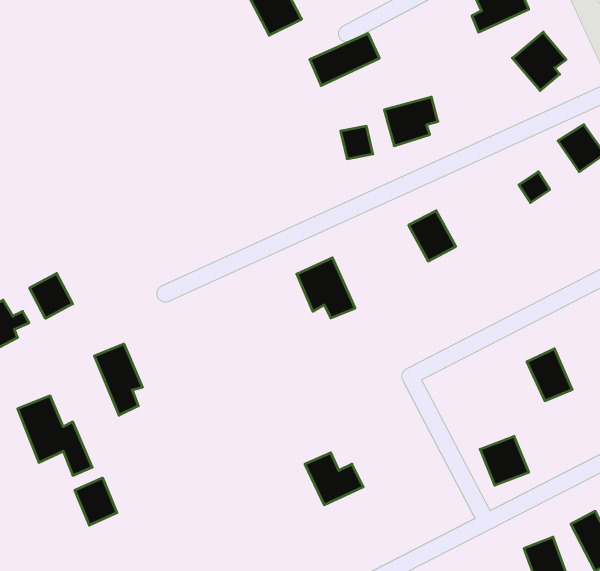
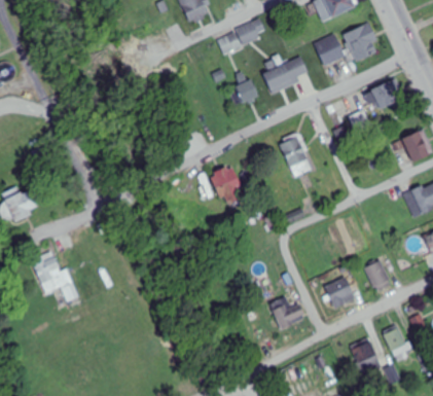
building: none -> [314,34,345,67]
building: [30,273,73,318] -> none
building: [94,344,142,415] -> none
building: [527,349,572,401] -> [363,259,392,292]
building: [305,453,363,505] -> [268,297,305,330]
building: [75,478,117,525] -> none

